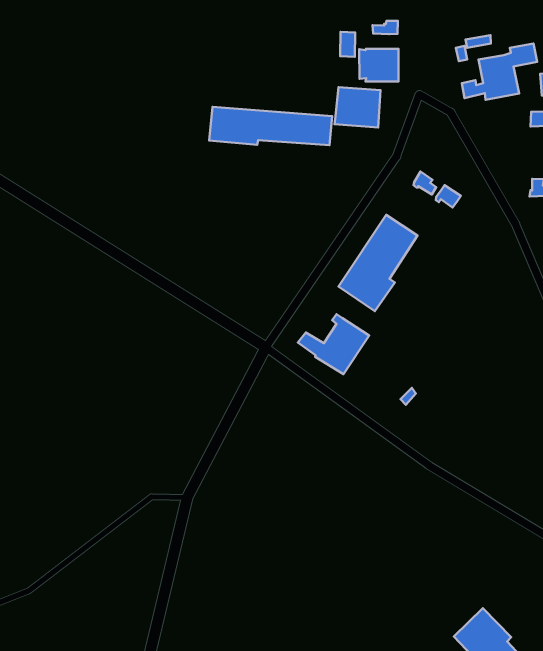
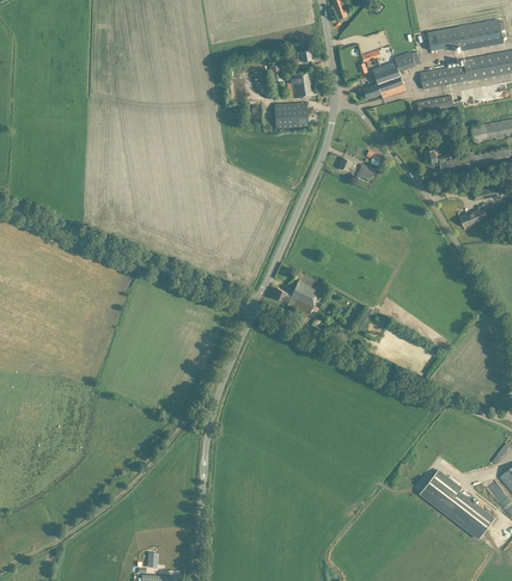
building: [209,107,332,145] -> none
building: [339,215,417,311] -> none

